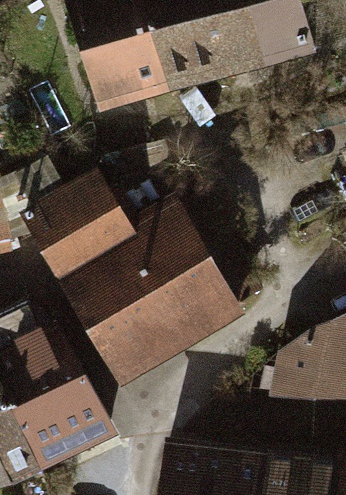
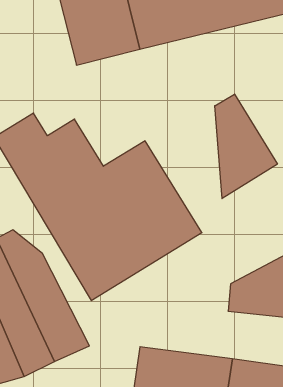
building: none -> [215,94,277,199]

